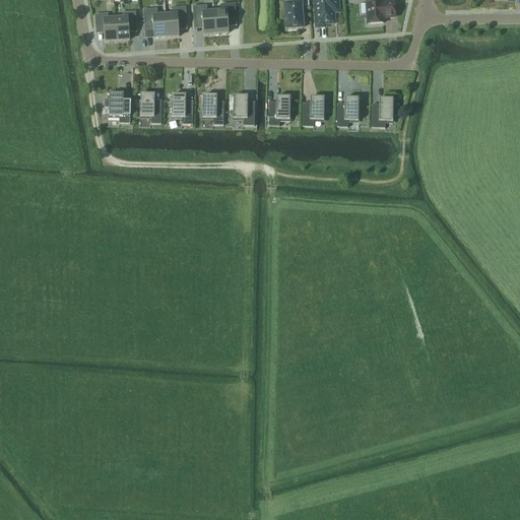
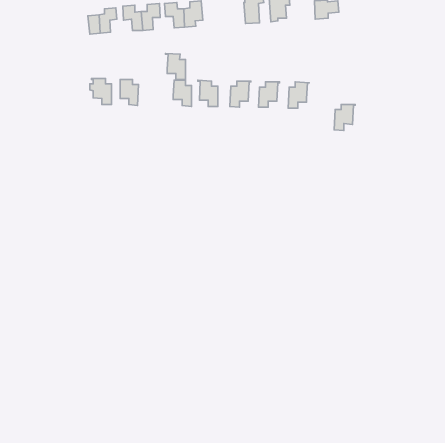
building: [169,92,192,123] -> [165,53,185,80]
building: [371,96,395,127] -> [334,104,355,131]

